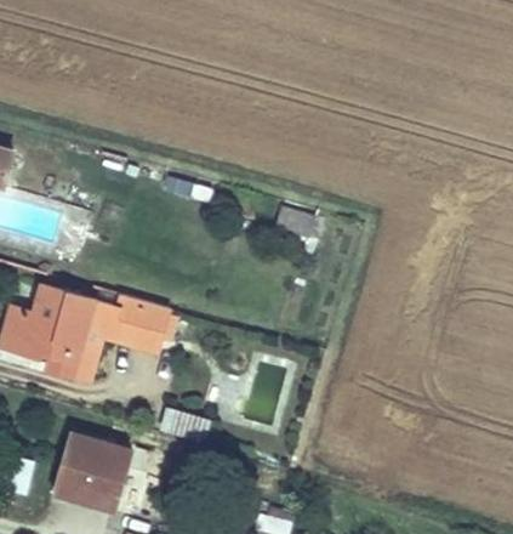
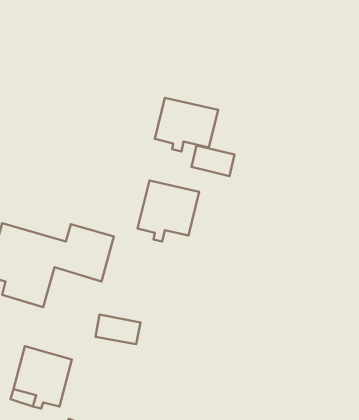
building: none -> [155,98,218,151]
building: none -> [138,181,199,242]

